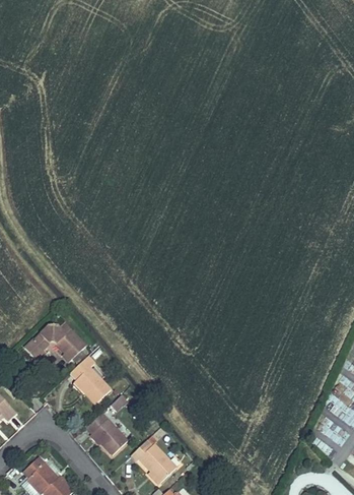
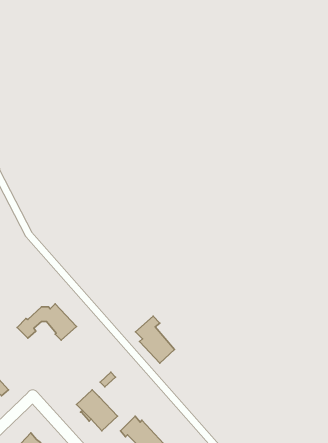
building: [70,356,111,405] -> [136,316,175,363]

